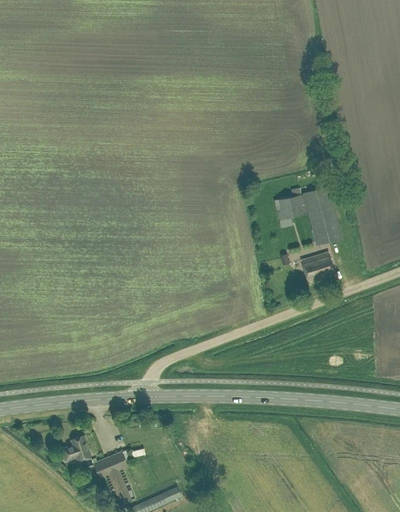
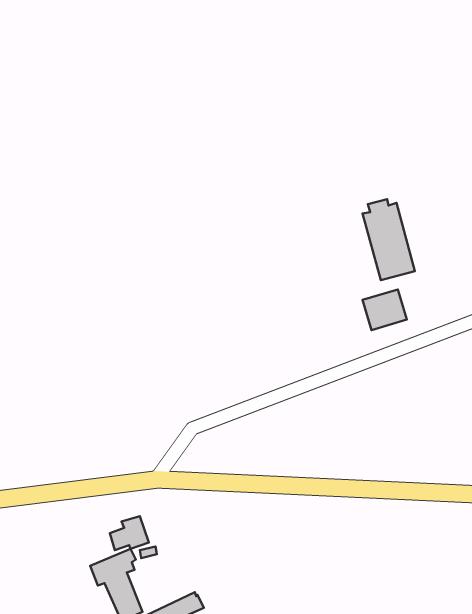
building: [274,188,306,220] -> none
building: [61,435,91,461] -> [110,516,149,550]

